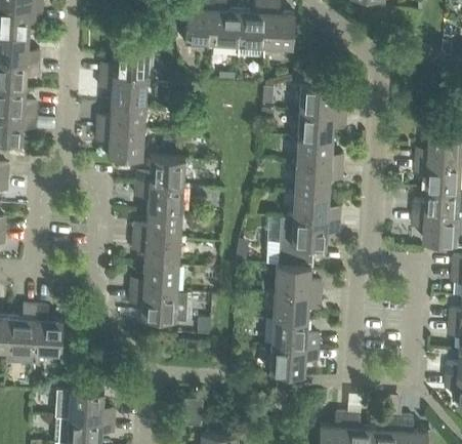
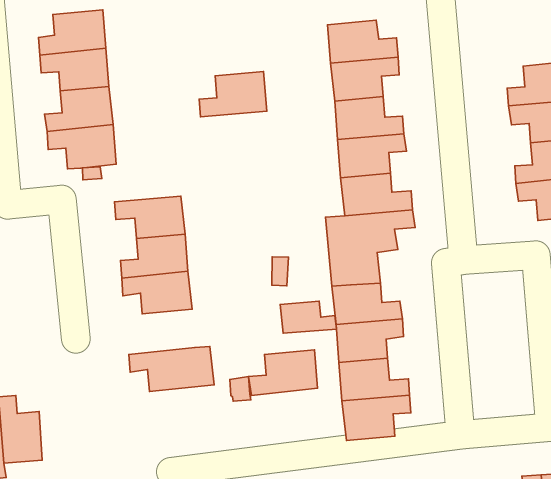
building: [136,158,184,188] -> [199,71,267,117]
building: [130,265,178,293] -> [249,350,318,395]
building: none -> [280,301,336,333]

